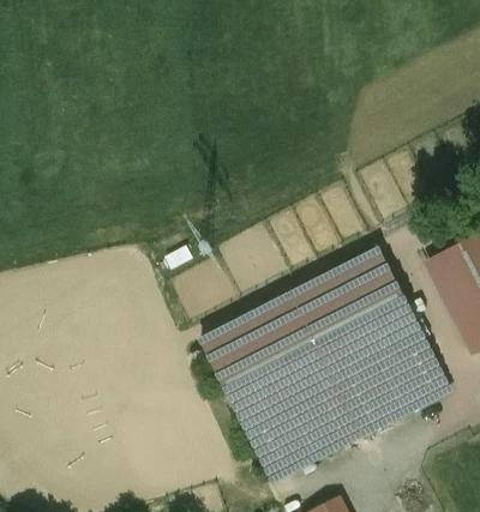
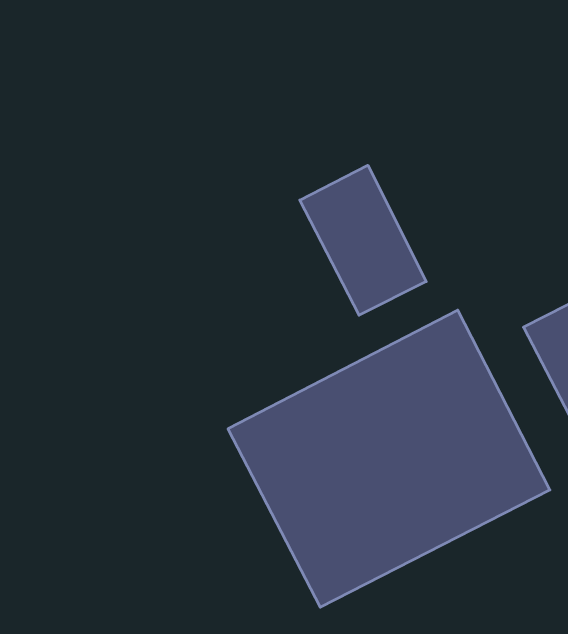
building: none -> [300,165,426,315]

